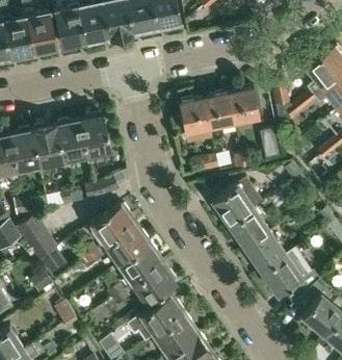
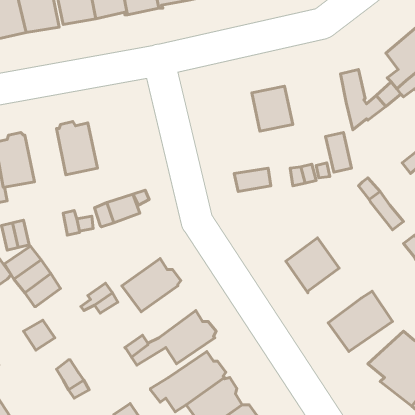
building: [229,88,260,123] -> none
building: [179,99,210,133] -> none
building: [79,114,114,168] -> none
building: [31,125,62,166] -> none
building: [212,179,262,227] -> none
building: [91,205,134,246] -> none
building: [246,232,295,274] -> none
building: [120,246,161,285] -> none

